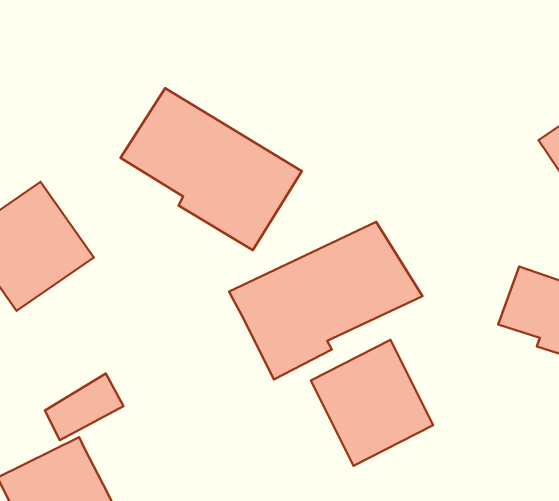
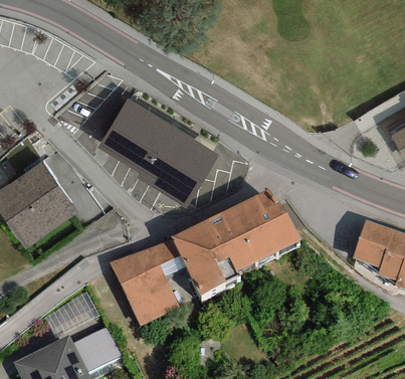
building: none -> [109,238,180,327]
building: [311,340,433,466] -> none
building: none -> [72,327,121,372]

